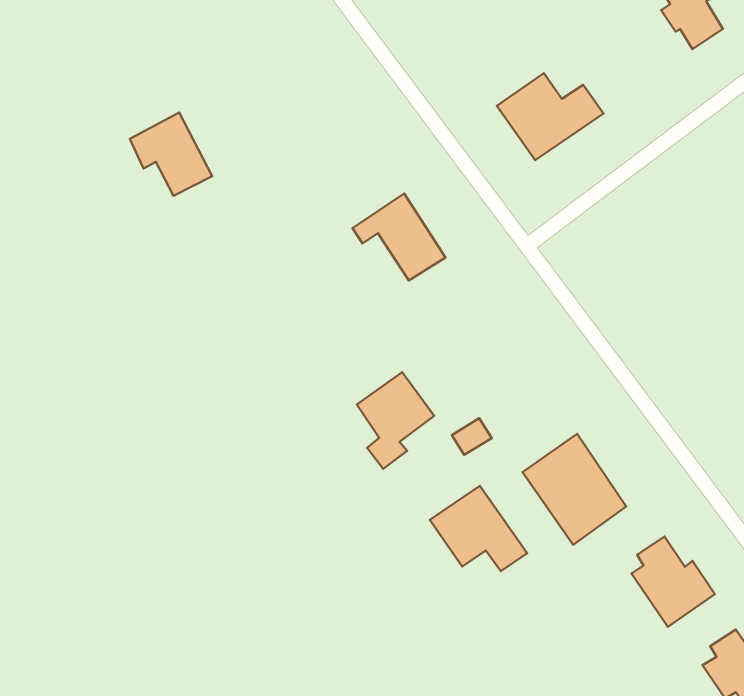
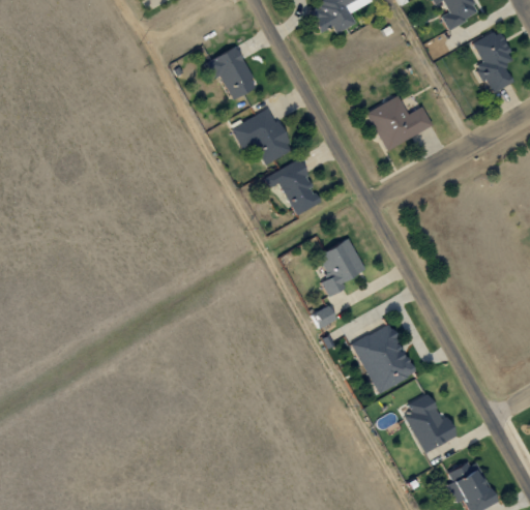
building: [130,113,212,196] -> [207,47,256,98]
building: none -> [233,110,292,163]
building: [357,372,434,469] -> [318,238,365,297]
building: [430,486,527,571] -> none

